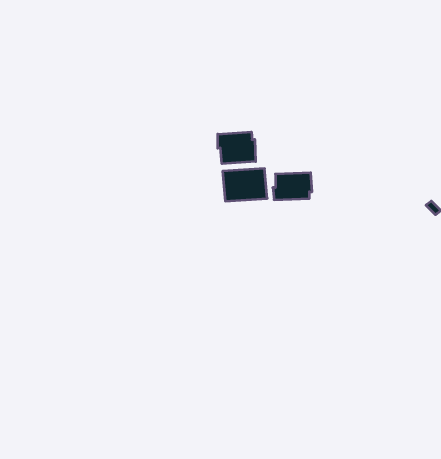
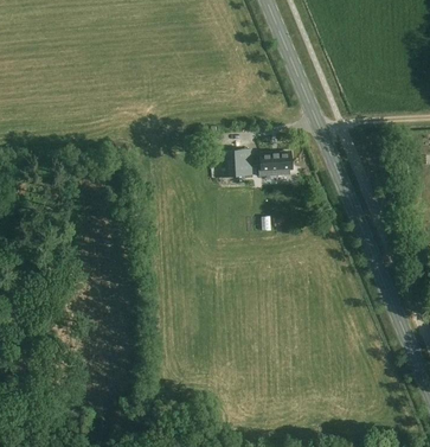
building: [218,132,256,164] -> none

